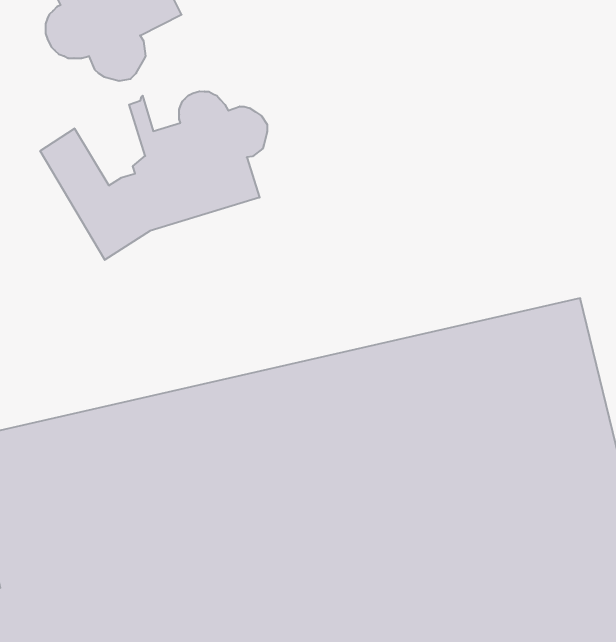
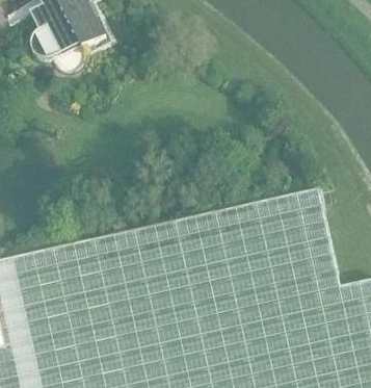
building: [40,91,267,260] -> none

